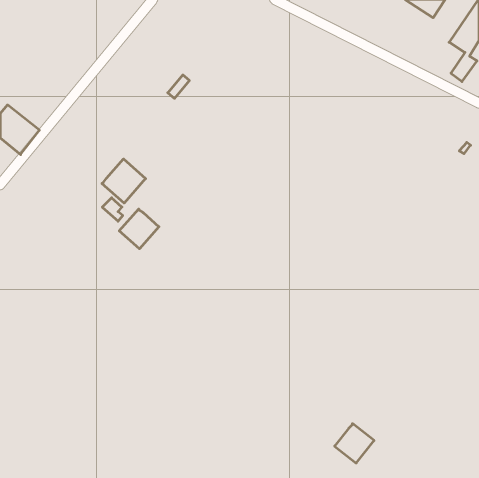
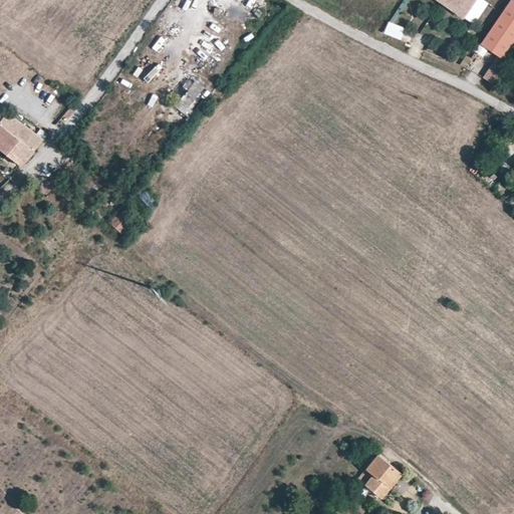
building: [102,159,146,203] -> none
building: [119,209,159,249] -> none

